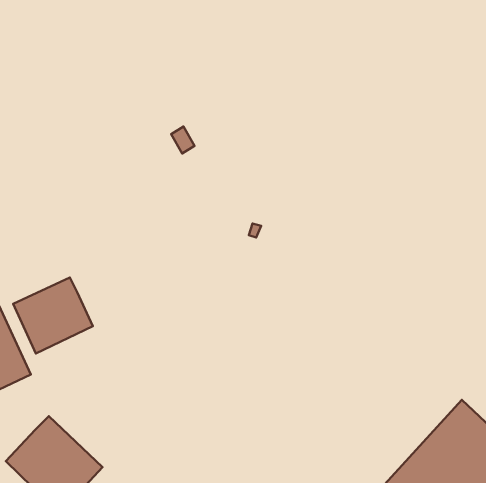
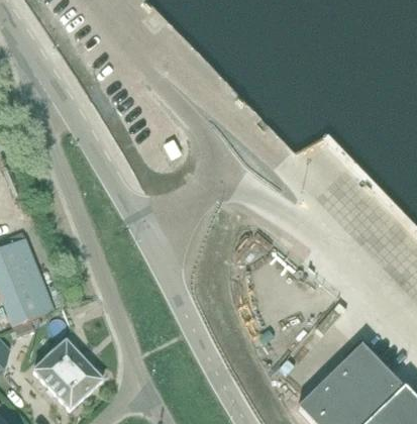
building: [13,278,93,354] -> none

